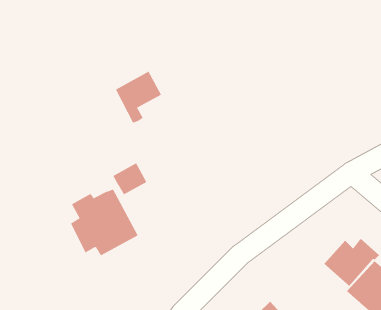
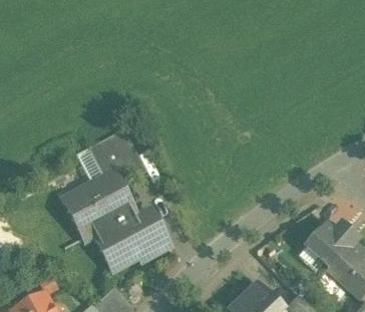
building: [115,71,162,123] -> [90,129,133,178]
building: none -> [100,212,166,263]

